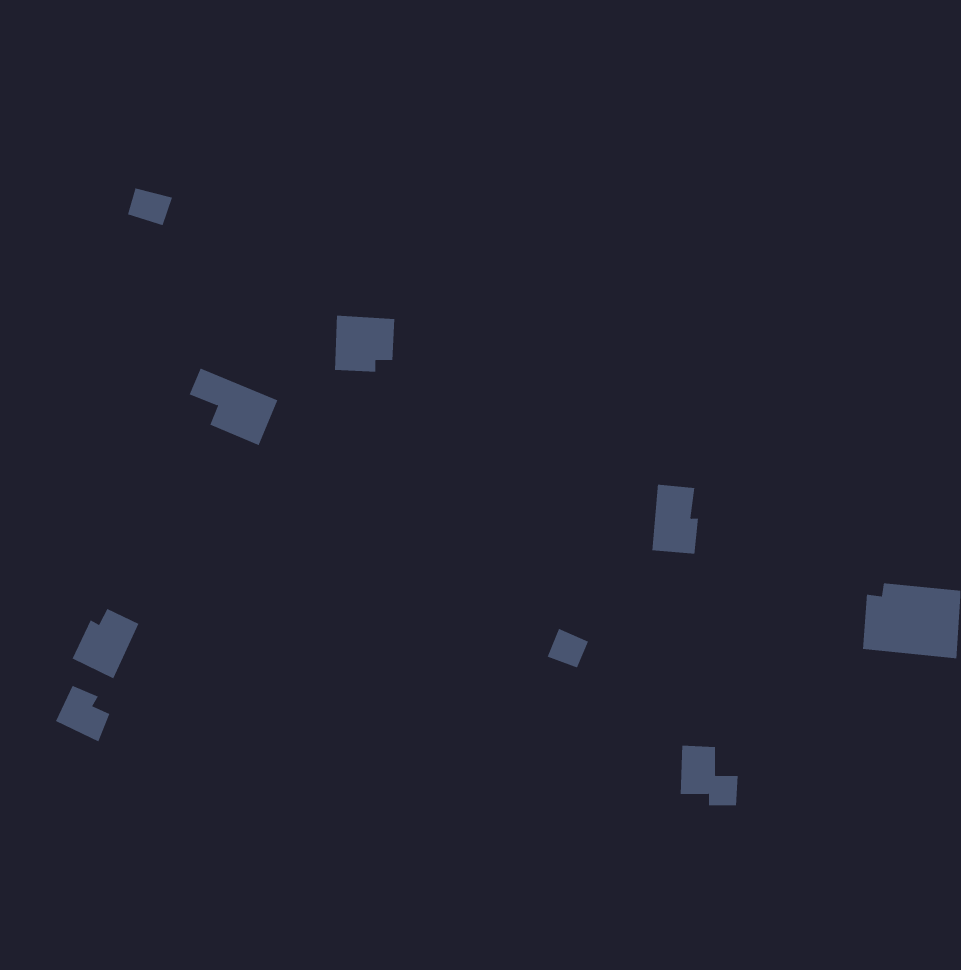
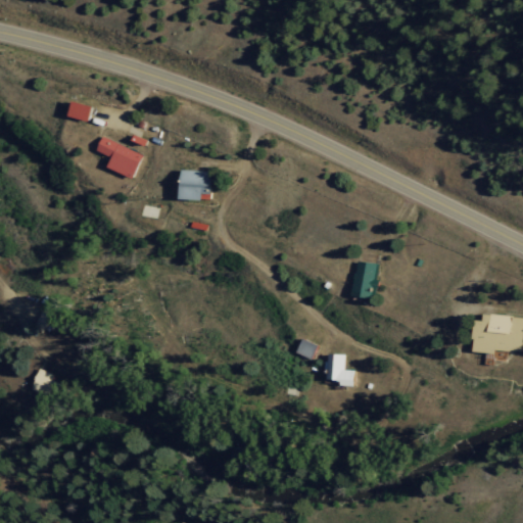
building: [189,368,278,446] -> [94,137,142,179]
building: [72,608,139,679] -> none
building: [680,745,739,806] -> [324,353,355,386]

